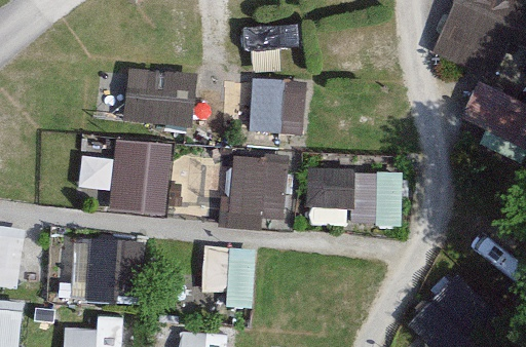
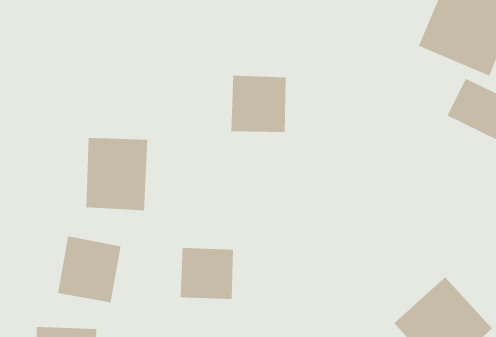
building: [122,67,199,131] -> none
building: [227,157,286,226] -> none
building: [306,167,403,226] -> none

